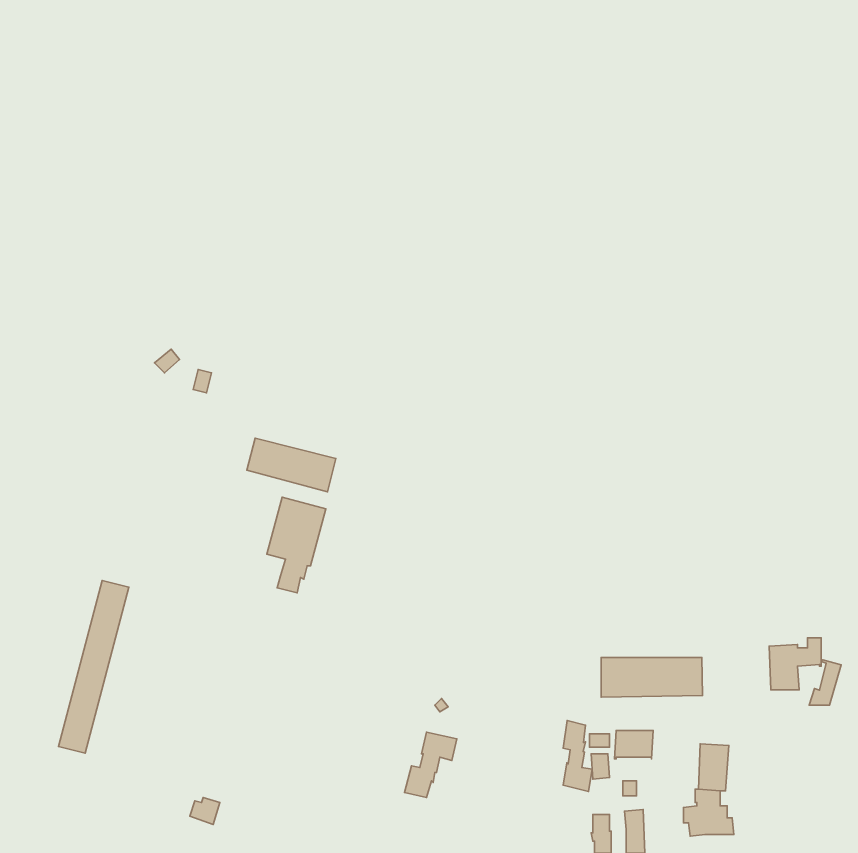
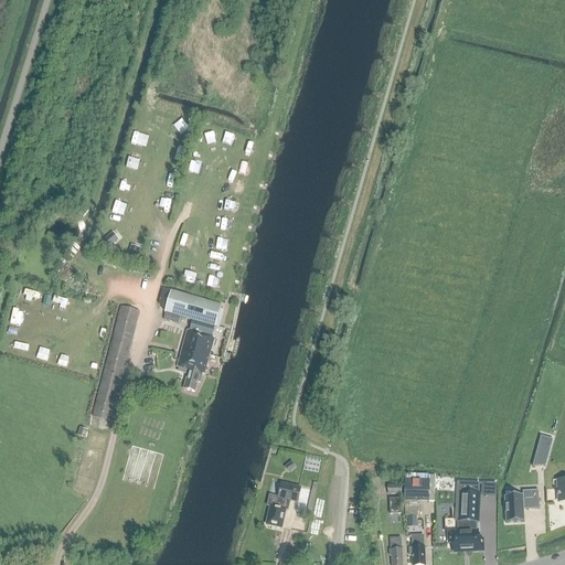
building: [58,580,129,753] -> [92,305,138,418]
building: [769,638,821,690] -> [504,487,539,521]
building: [601,657,702,697] -> none
building: [563,721,592,791] -> none

